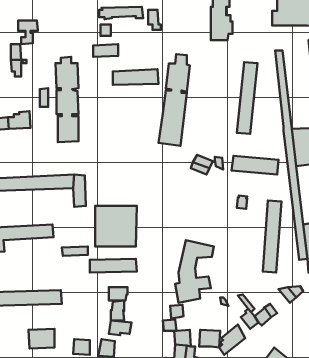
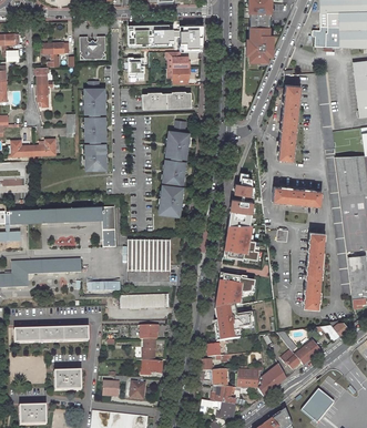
building: none -> [81,35,106,60]
building: none -> [166,51,190,84]
building: [159,54,190,146] -> [156,120,190,217]
building: none -> [224,225,259,261]

